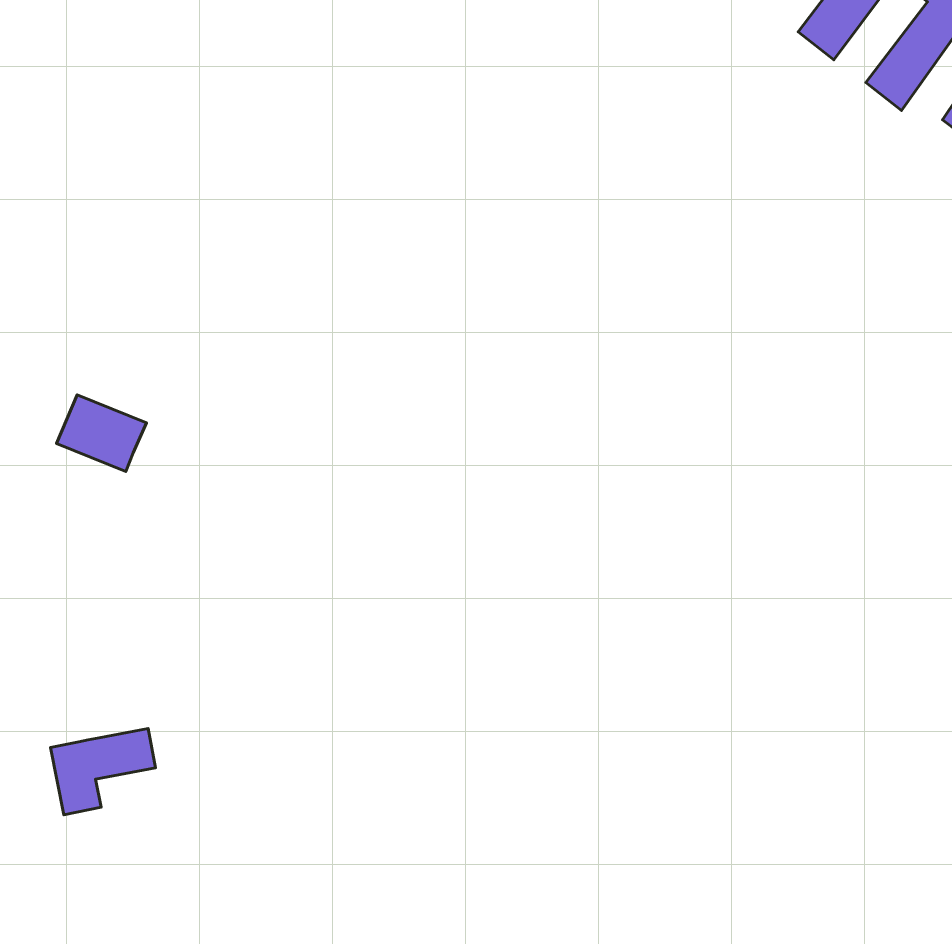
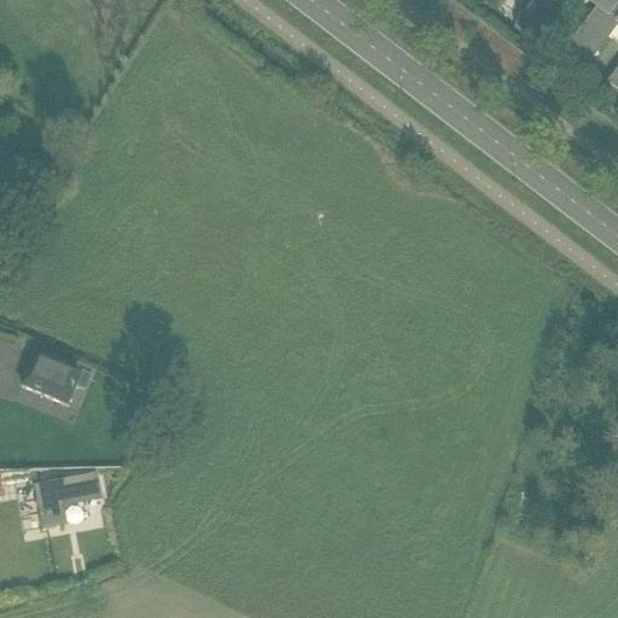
building: [56,395,146,472] -> [24,349,82,398]

